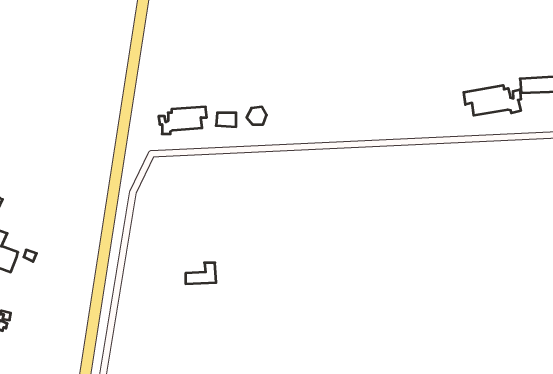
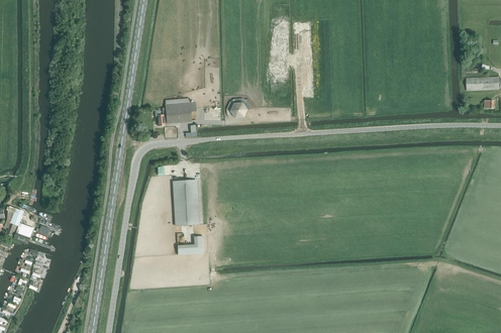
building: [464,85,521,115] -> none
building: none -> [174,180,198,226]

